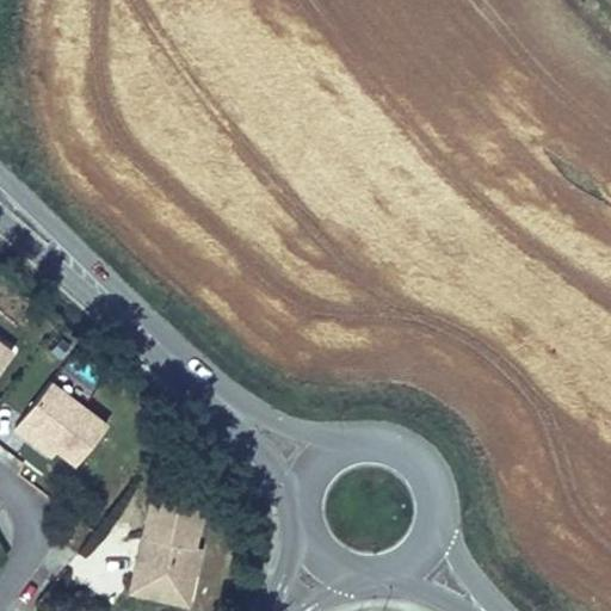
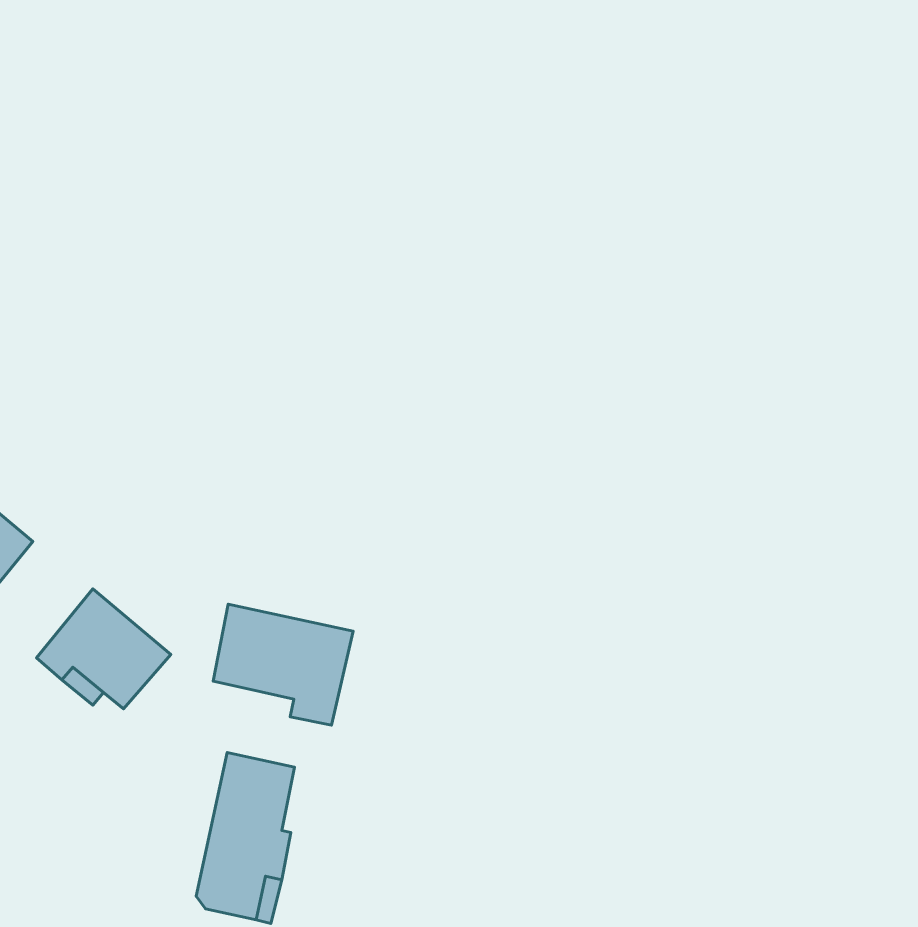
building: none -> [213,604,353,725]

